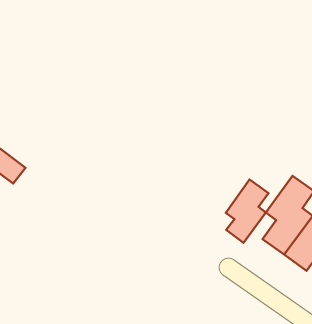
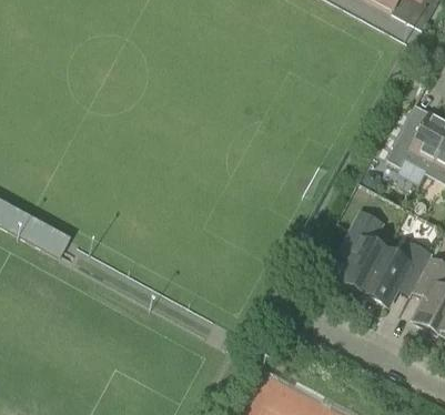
building: [226,179,268,243] -> none

